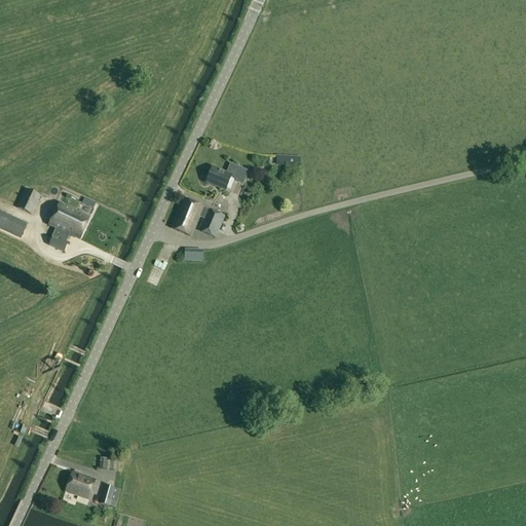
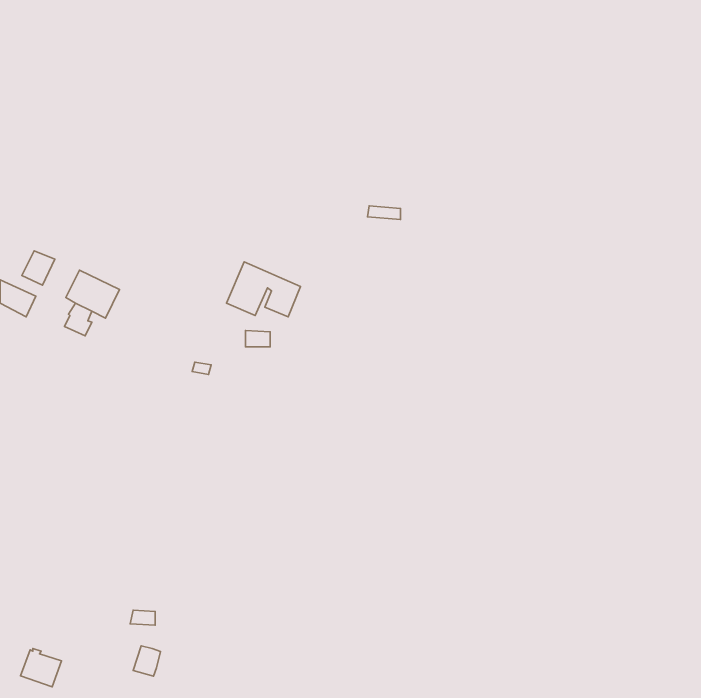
building: [205,163,248,190] -> none
building: [65,469,96,498] -> [20,648,62,687]

